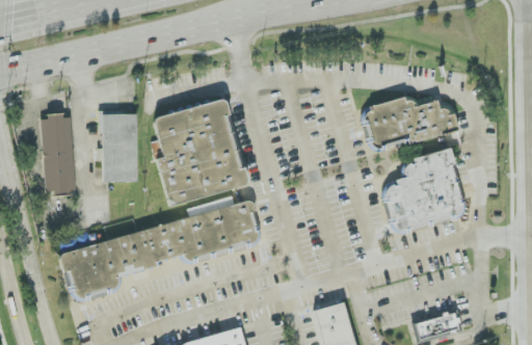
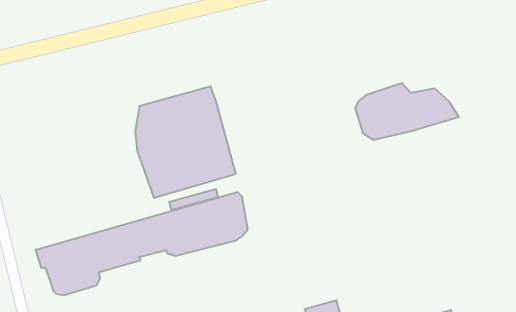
building: [100,108,136,182] -> none
building: [41,111,74,195] -> none
building: [385,148,464,230] -> none

